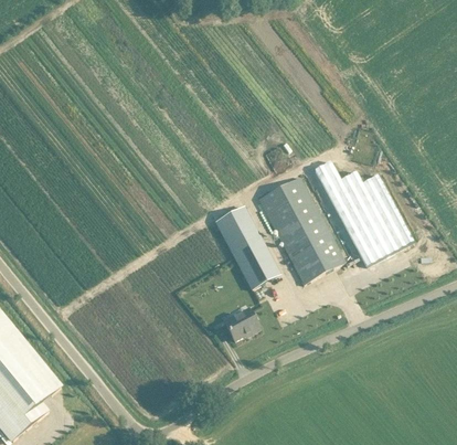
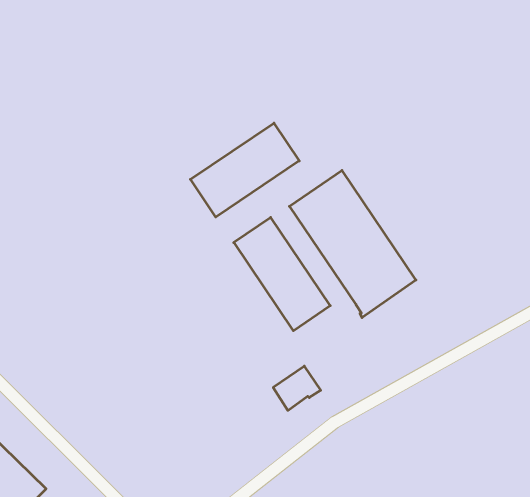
building: none -> [190,123,299,217]
building: [312,159,412,265] -> none

